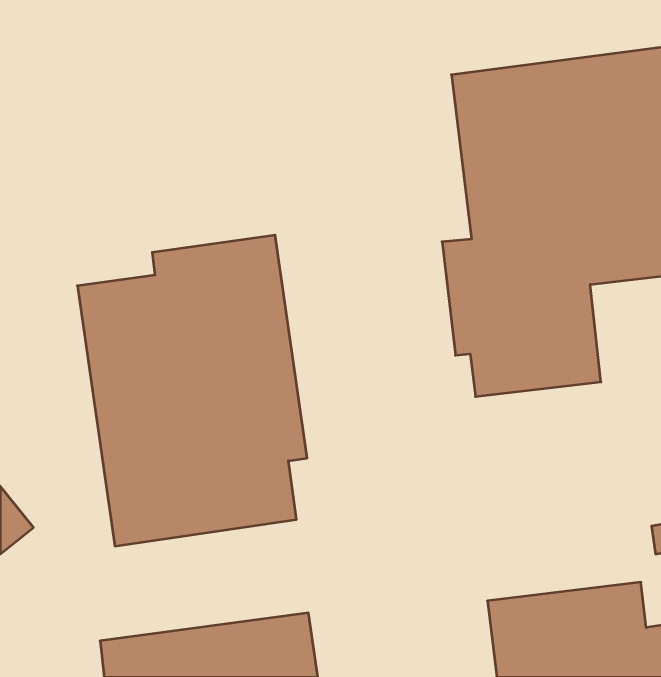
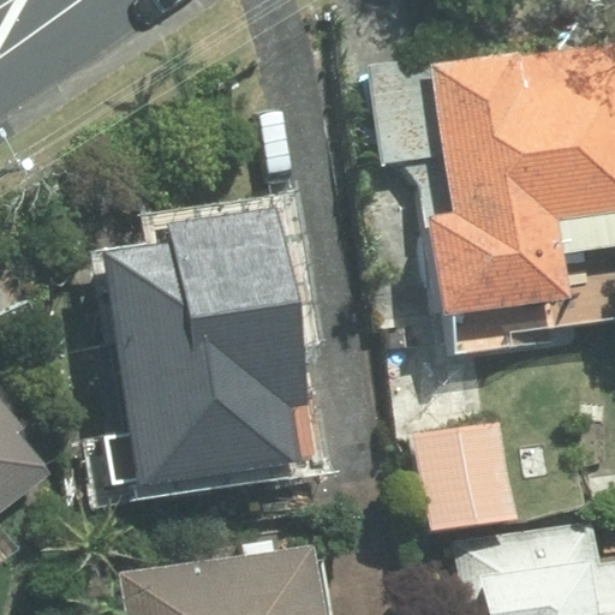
building: none -> [414,422,514,532]

